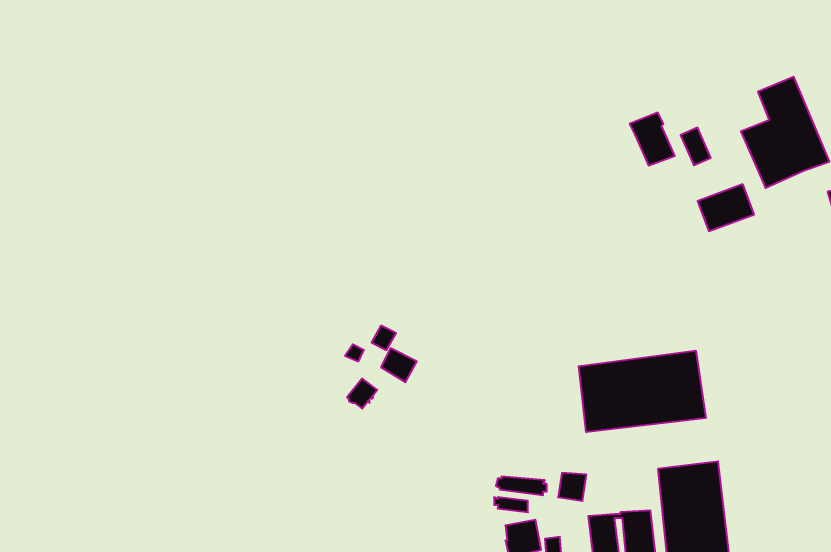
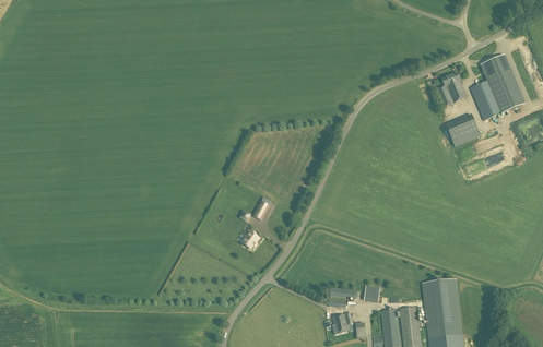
building: [630,113,675,165] -> [441,72,468,103]
building: [579,351,706,432] -> none

